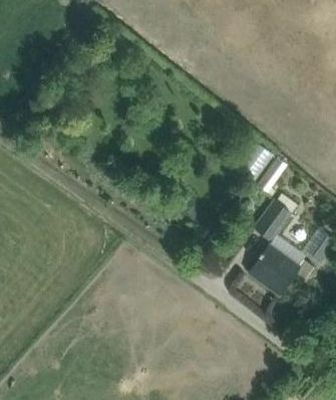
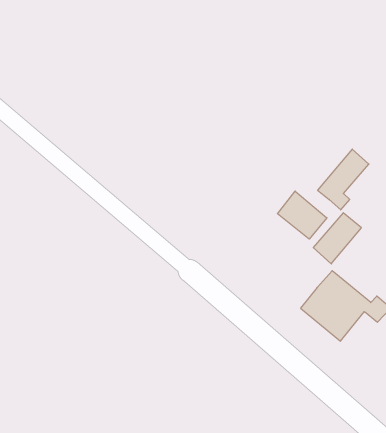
building: none -> [277,191,327,239]

